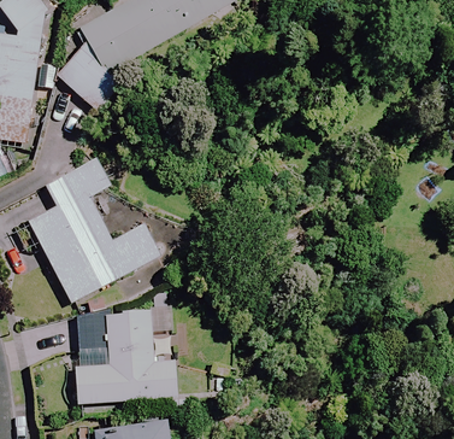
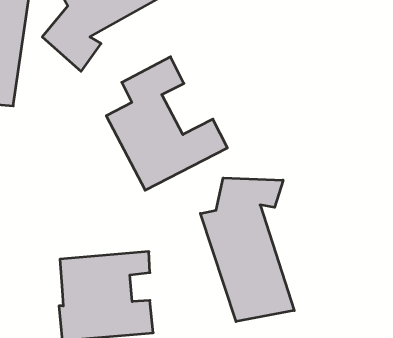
building: [29,157,160,302] -> [106,57,227,190]
building: none -> [200,178,294,322]

